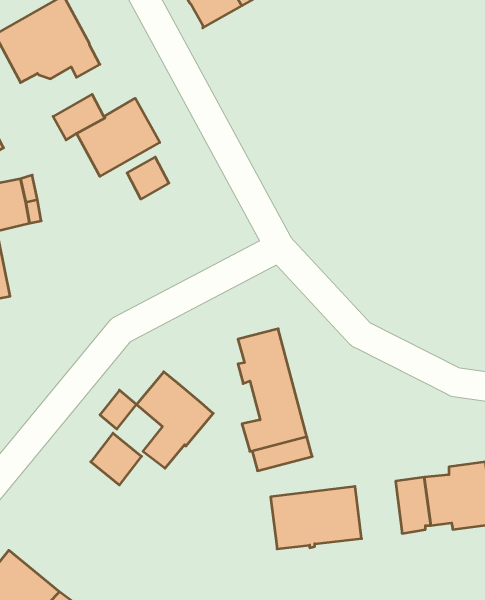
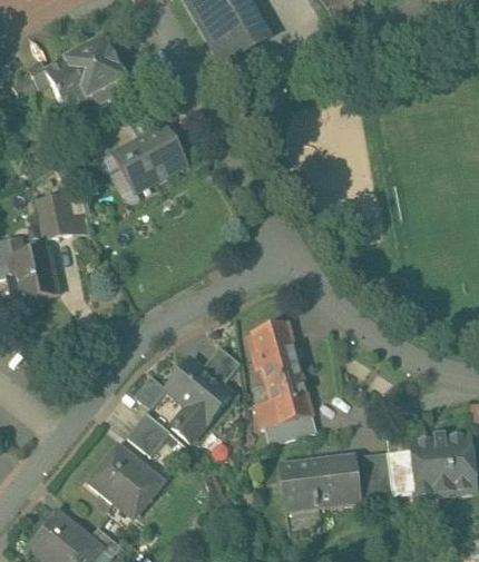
building: [127,157,169,199] -> none
building: none -> [201,344,239,384]
building: none -> [89,445,160,511]
building: none -> [352,451,392,500]

